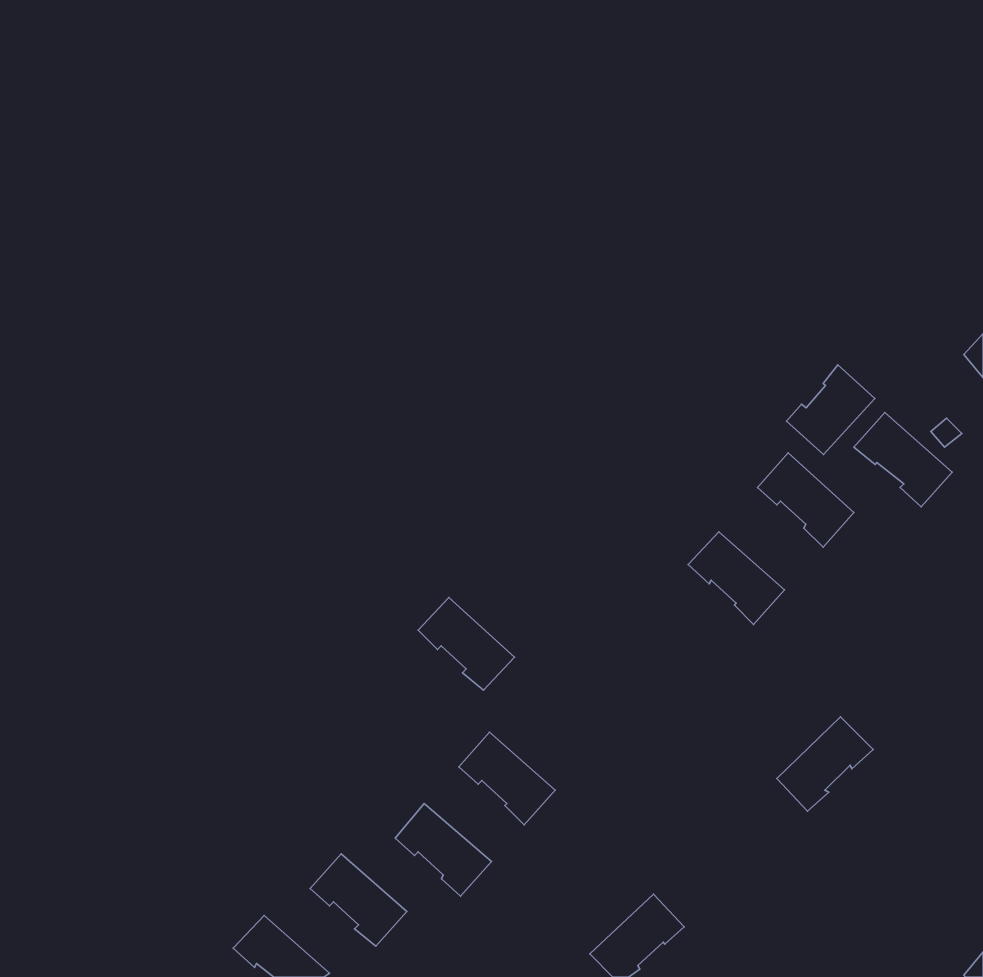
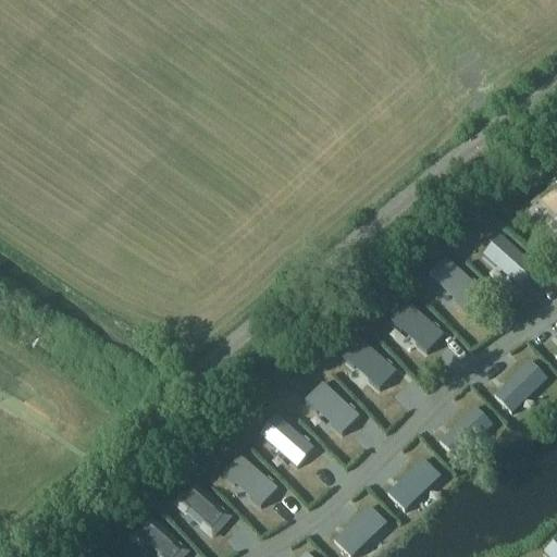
building: [786,365,875,455] -> none
building: none -> [342,336,396,389]
building: [418,598,514,690] -> [305,381,359,433]
building: none -> [493,359,547,411]
building: none -> [389,459,438,511]

